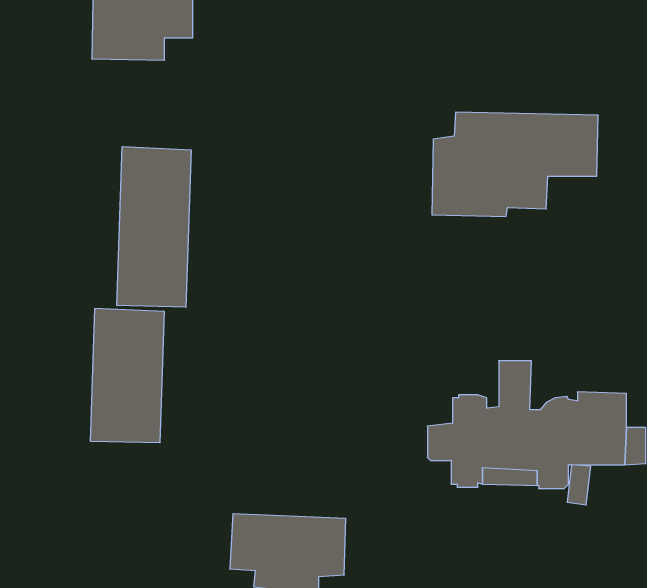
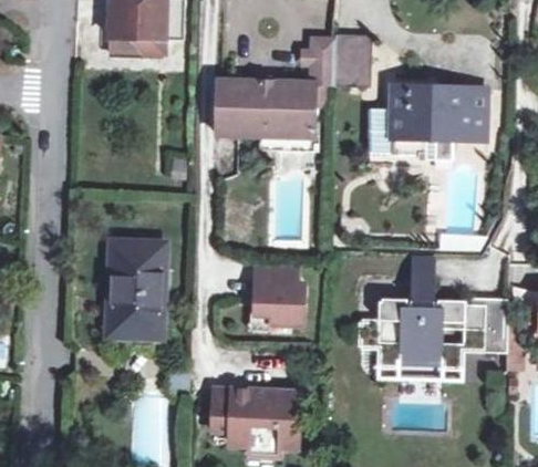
building: none -> [219,33,359,146]
building: [117,147,191,307] -> none
building: none -> [254,261,306,324]

